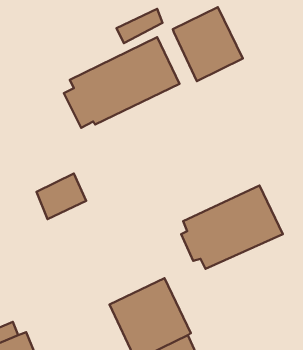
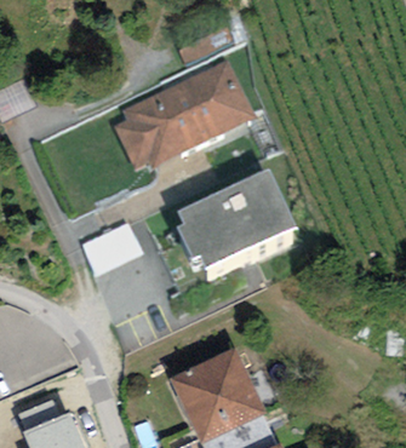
building: [173,7,243,81] -> none
building: [181,185,283,269] -> [176,168,297,268]

